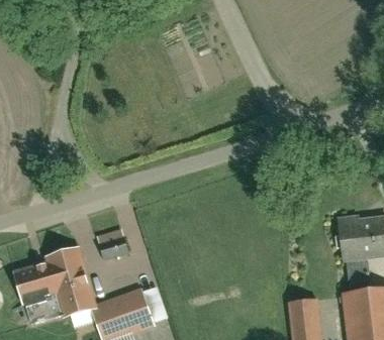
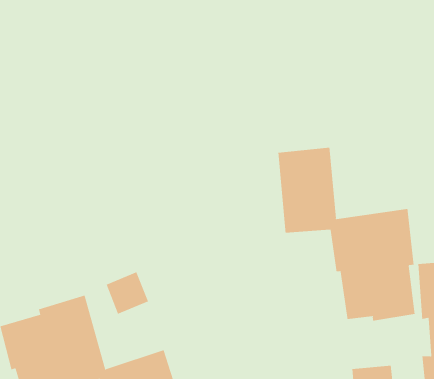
building: none -> [278,147,415,322]

